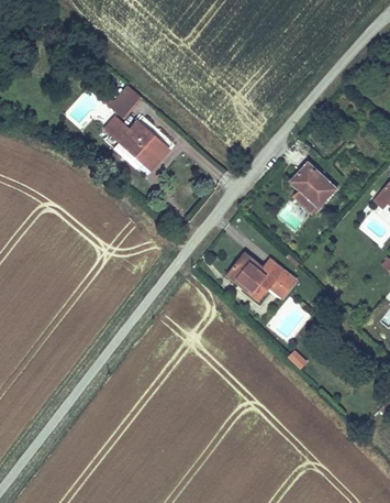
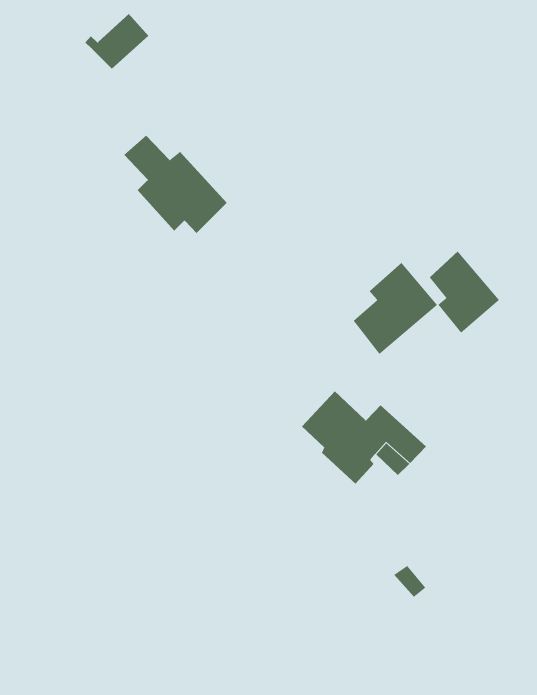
building: [104,81,142,116] -> [84,13,149,70]
building: none -> [353,262,438,355]

